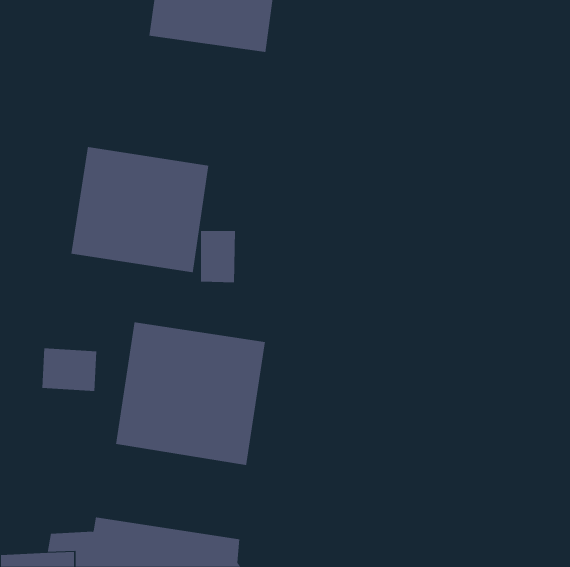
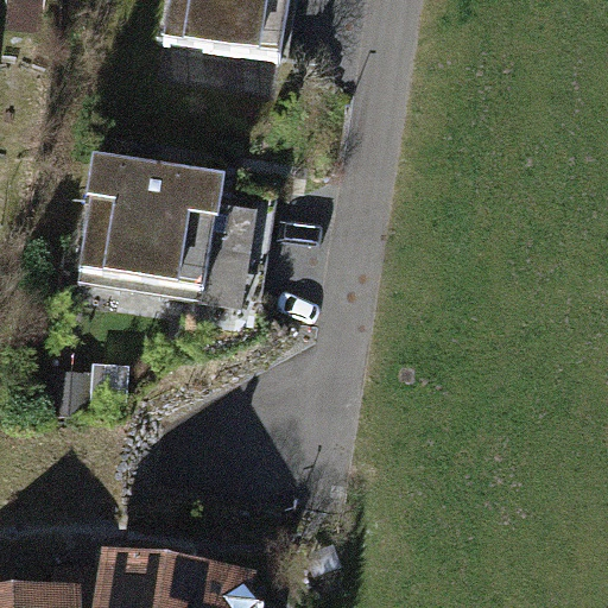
building: [115,321,266,466] -> none

